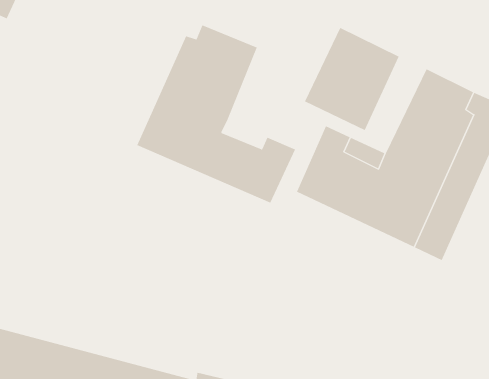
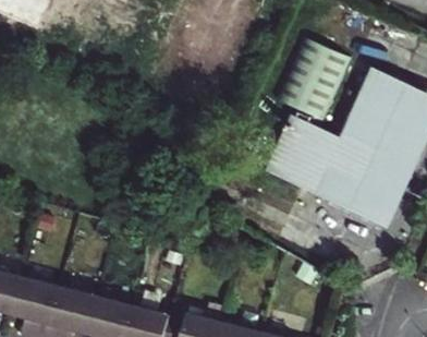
building: [137,24,296,204] -> none

